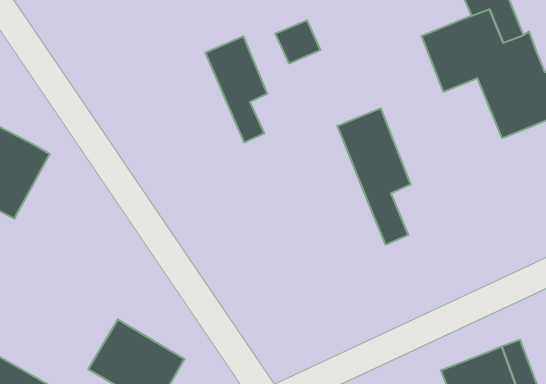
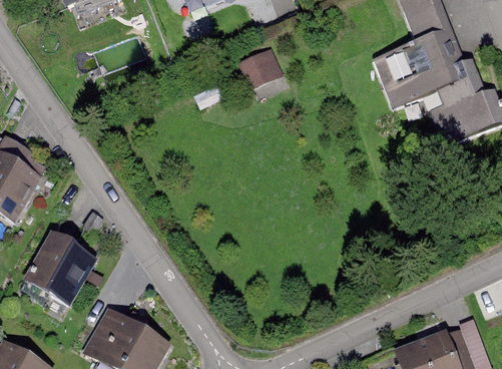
building: [206,36,267,142] -> none
building: [337,108,411,245] -> none
building: none -> [23,235,93,305]

